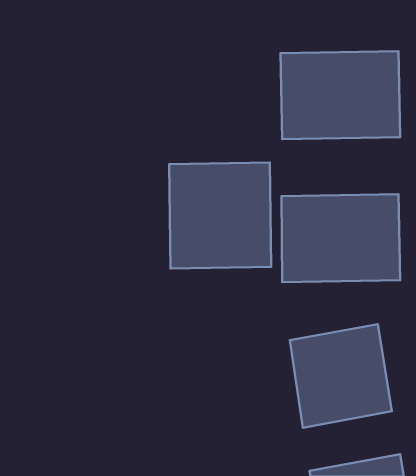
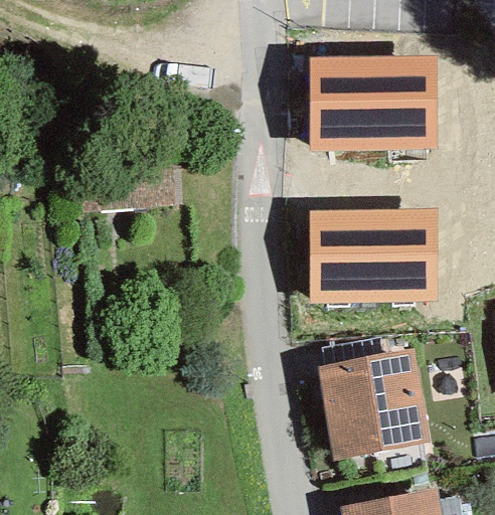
building: [169,163,271,269] -> none

